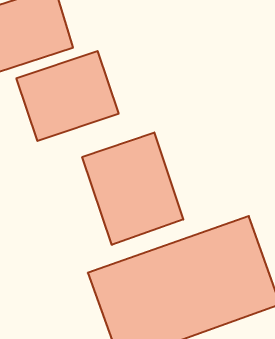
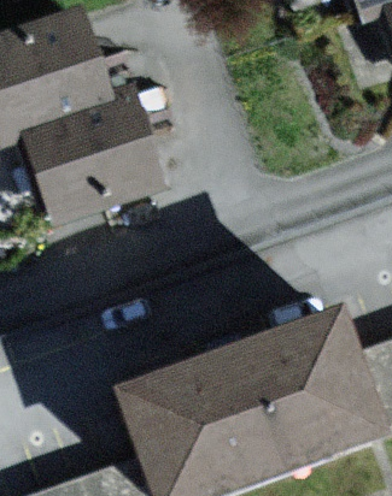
building: [82,132,183,245] -> none

